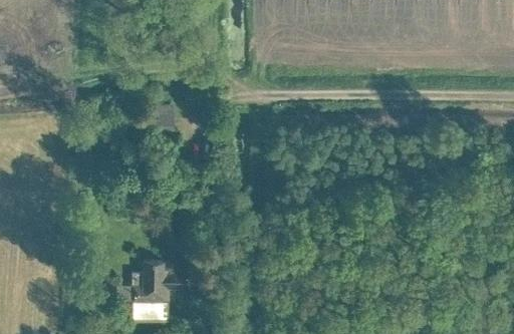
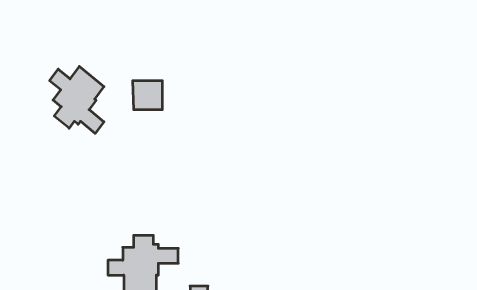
building: none -> [50,66,104,133]

